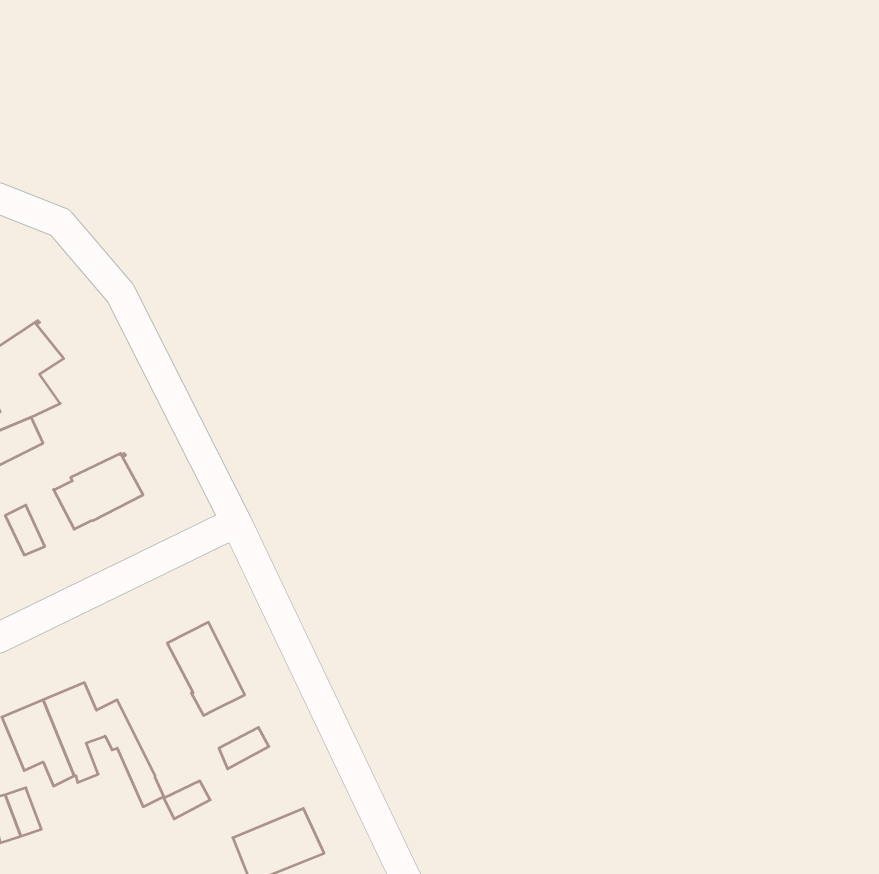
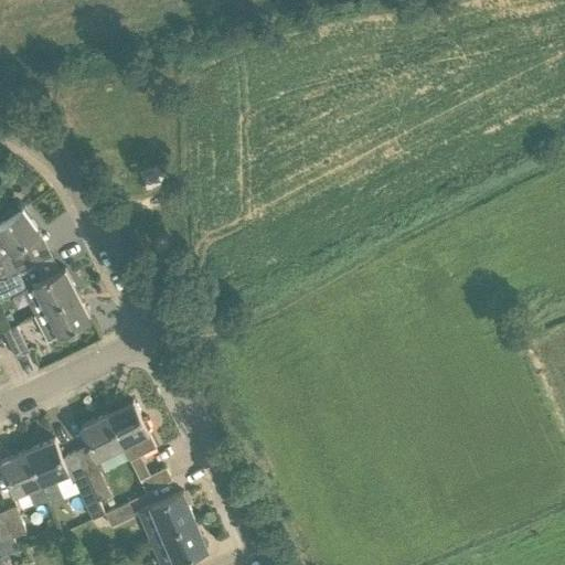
building: none -> [23,270,77,318]
building: none -> [75,416,124,502]
building: none -> [137,494,194,541]

